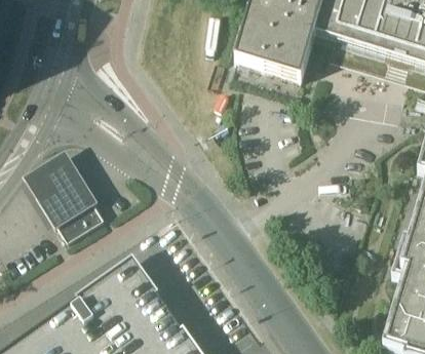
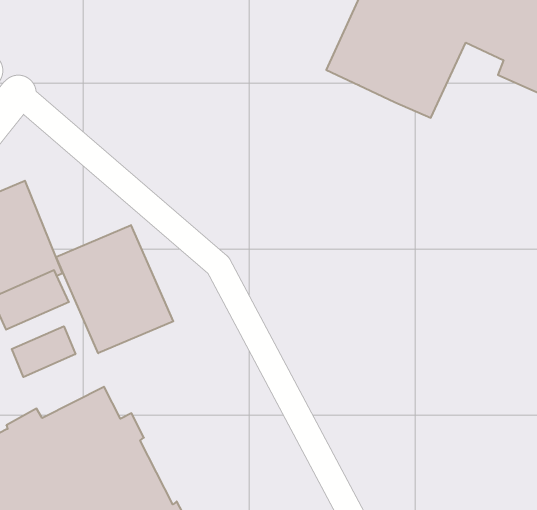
building: none -> [56,225,173,353]
building: none -> [12,326,75,377]

